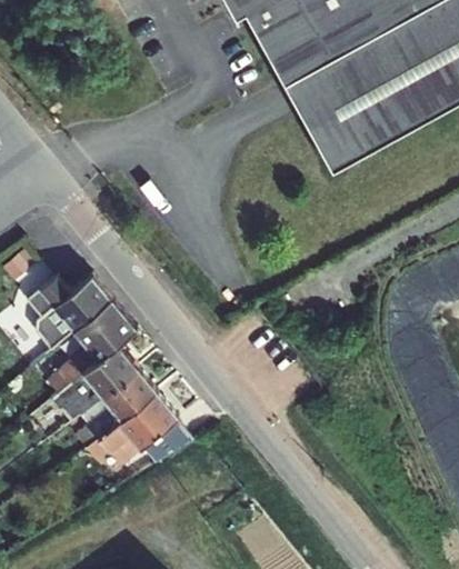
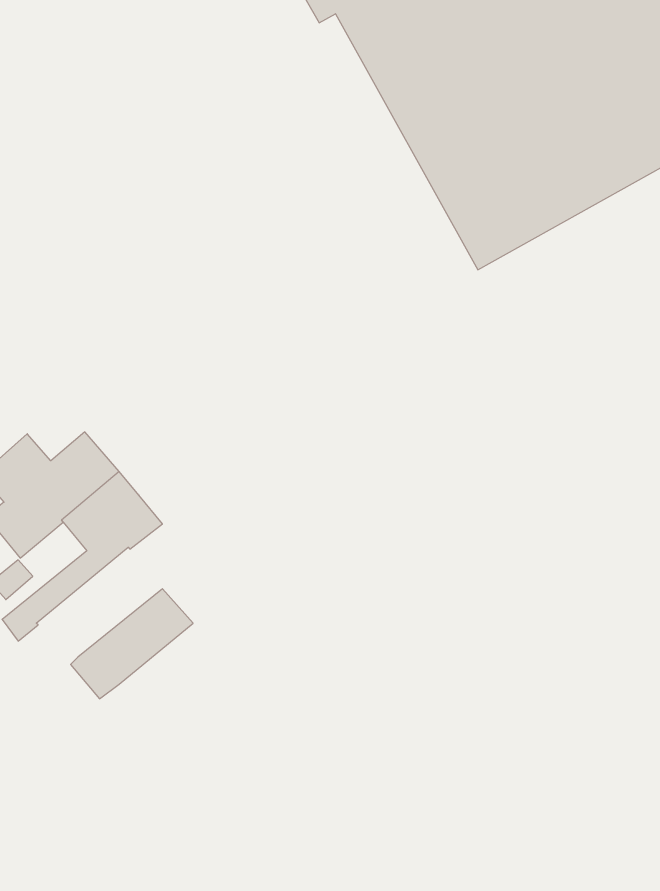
building: [48,341,137,423] -> none
building: [83,388,186,460] -> none

